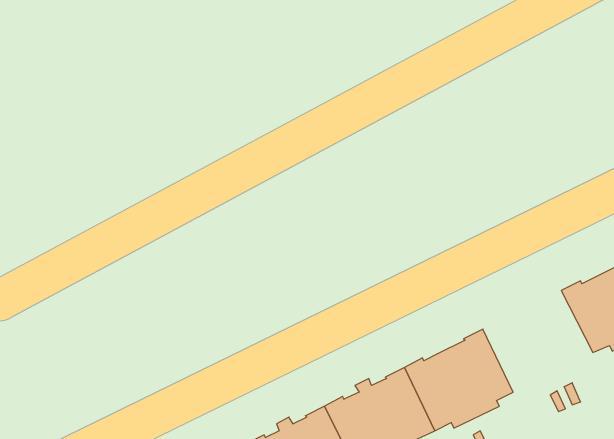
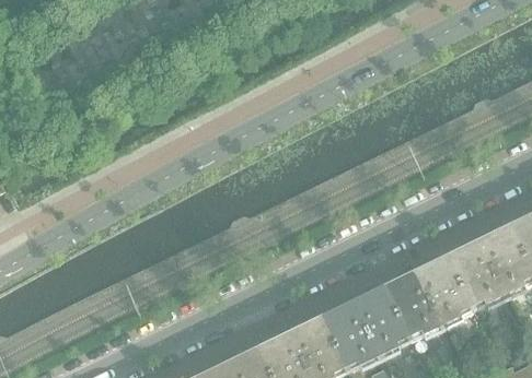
building: none -> [384,256,472,336]

